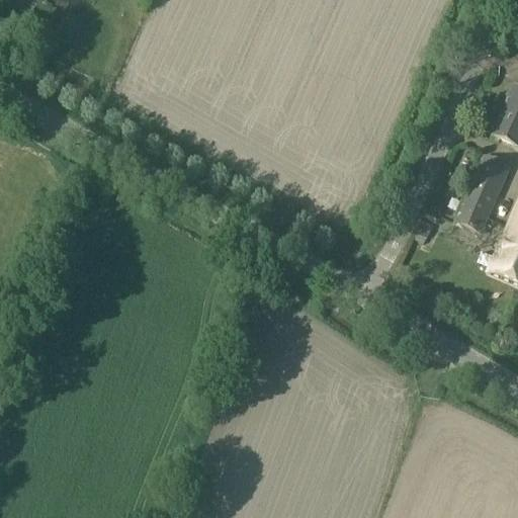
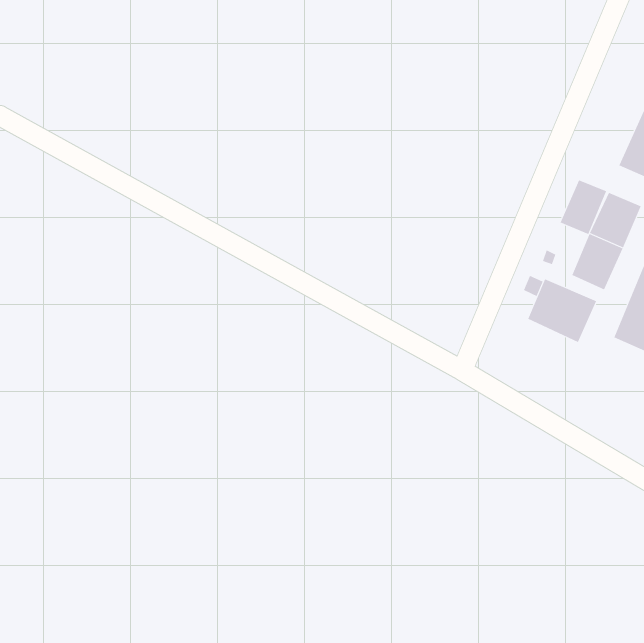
building: none -> [560,179,607,235]
building: none -> [528,278,597,343]

